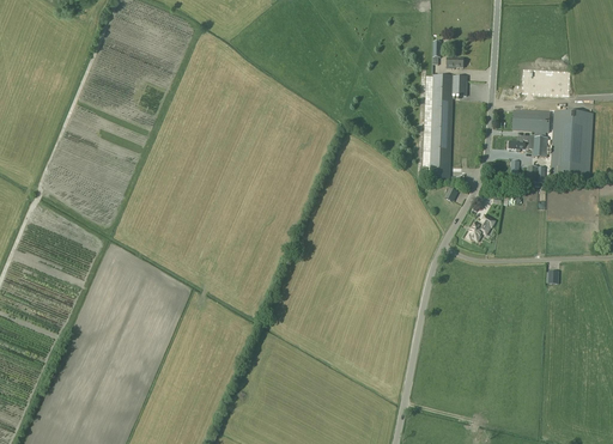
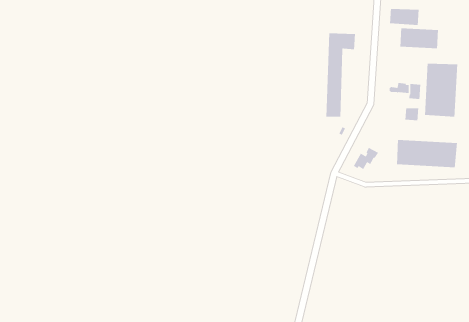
building: [512,110,550,132] -> [389,8,419,26]
building: none -> [396,139,458,168]

